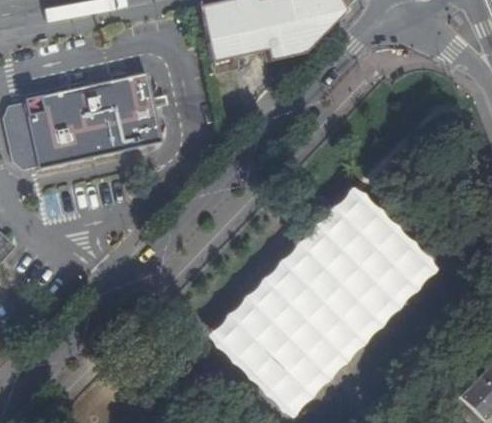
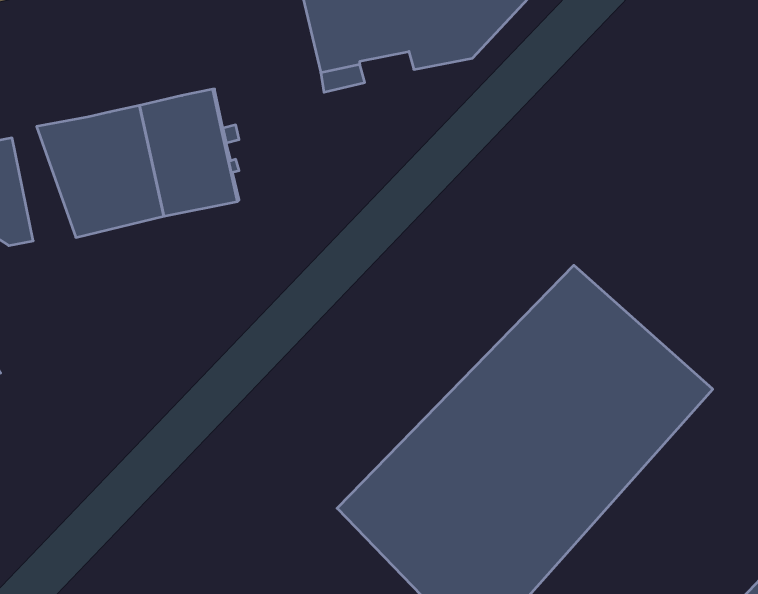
building: [18,95,58,168] -> none

